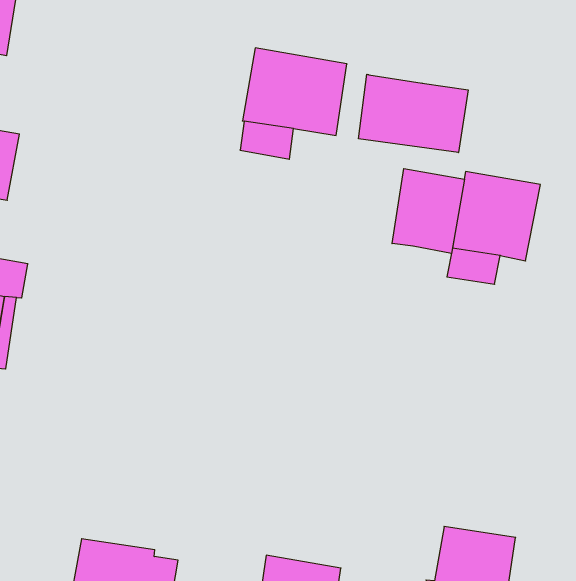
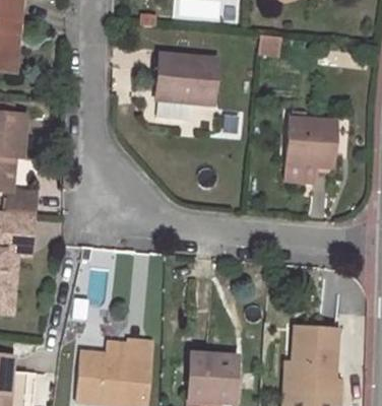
building: [359,74,468,153] -> none
building: [392,169,464,254] -> none

